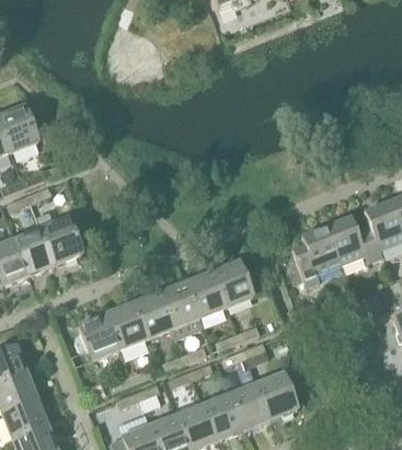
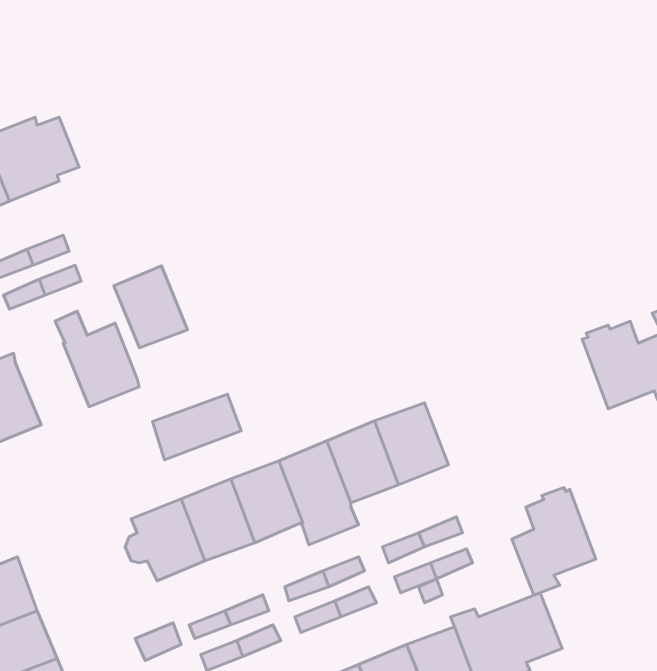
building: [294,226,340,285] -> [512,487,596,595]
building: [14,229,55,274] -> [114,266,188,348]
building: none -> [153,394,241,460]

